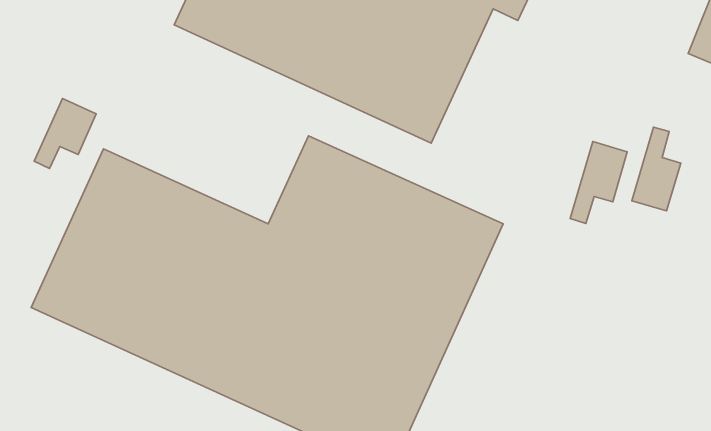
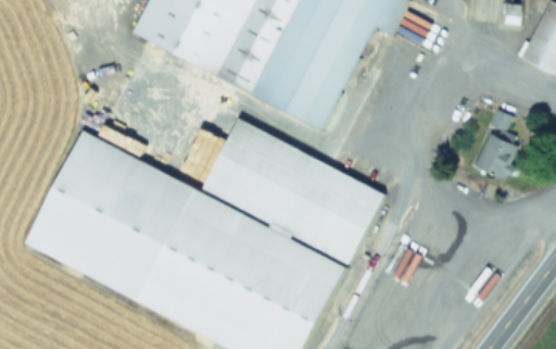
building: [34,98,96,168] -> none
building: [570,142,627,224] -> none

